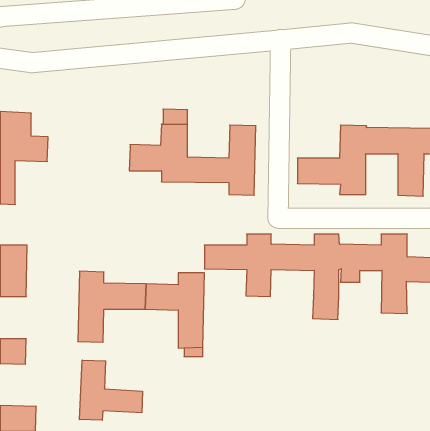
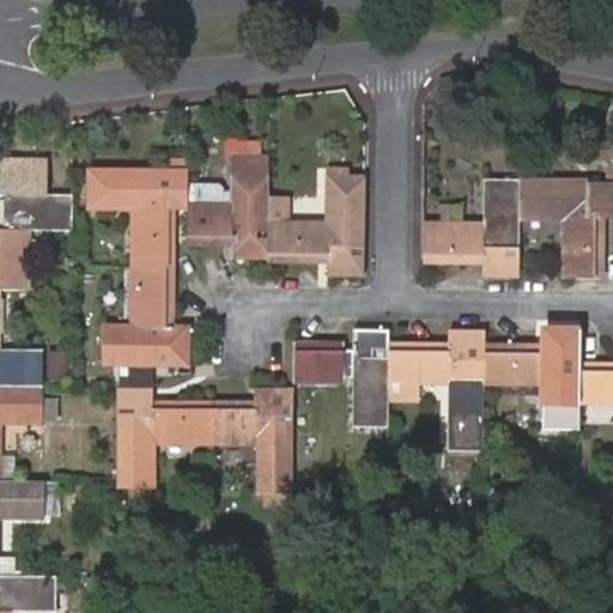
building: none -> [89,169,188,362]
building: [80,360,142,420] -> none

